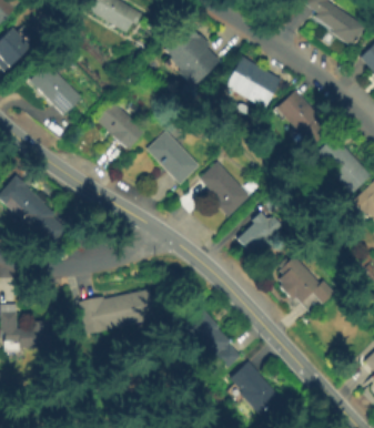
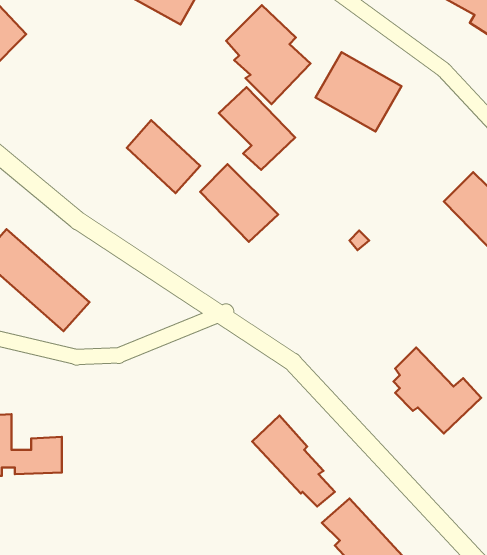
building: [27,61,82,116] -> none
building: [276,90,331,144] -> none
building: [198,162,250,218] -> [219,87,295,170]
building: [237,211,282,252] -> none
building: [78,287,159,333] -> none

